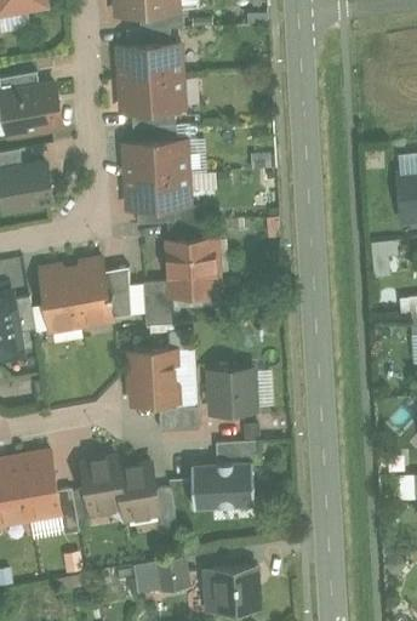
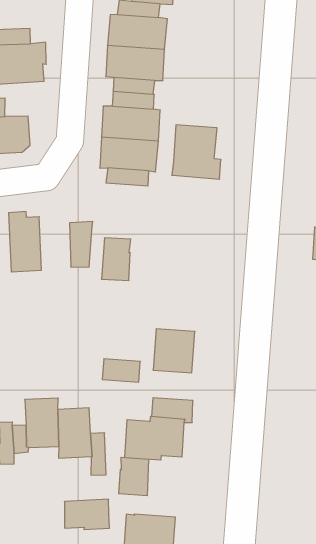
building: [168,240,222,296] -> [172,125,221,179]
building: [72,260,113,326] -> none
building: [132,353,176,406] -> none
building: none -> [119,457,149,496]

